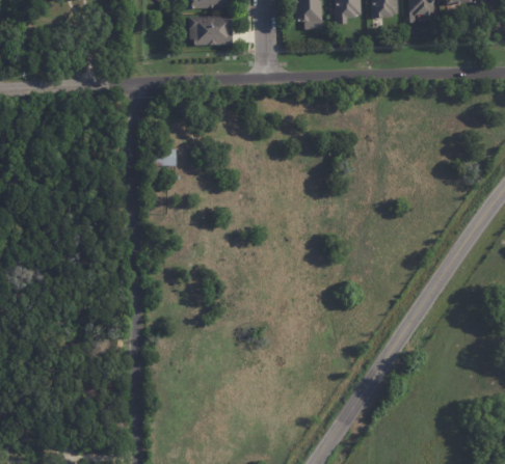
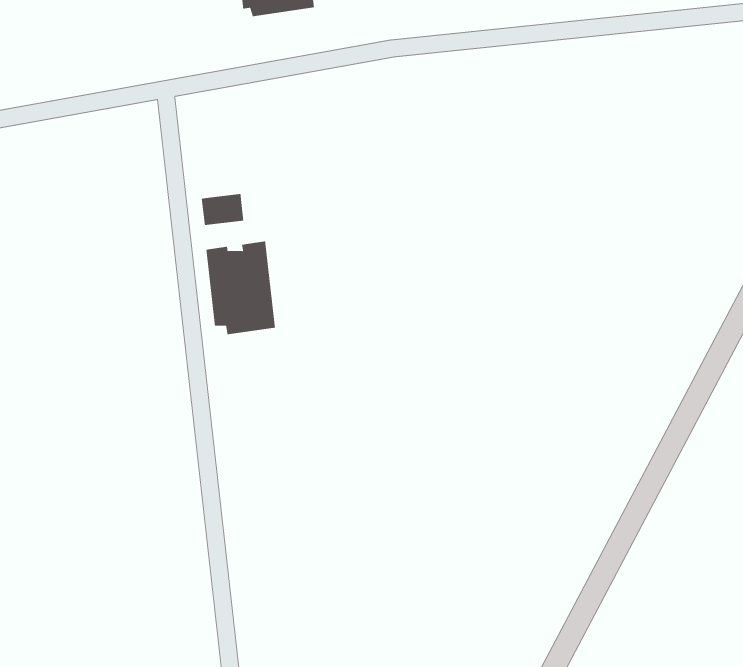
building: none -> [205,241,276,335]

